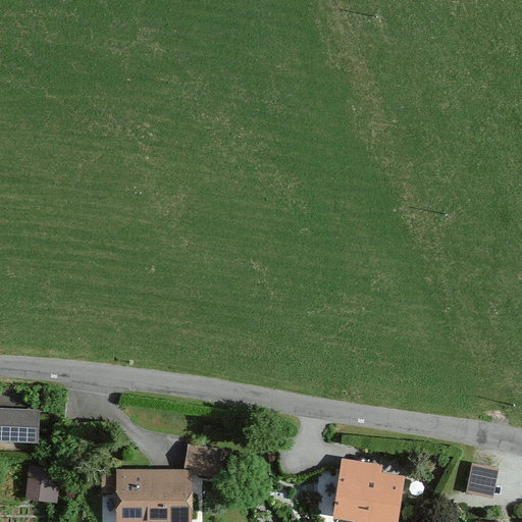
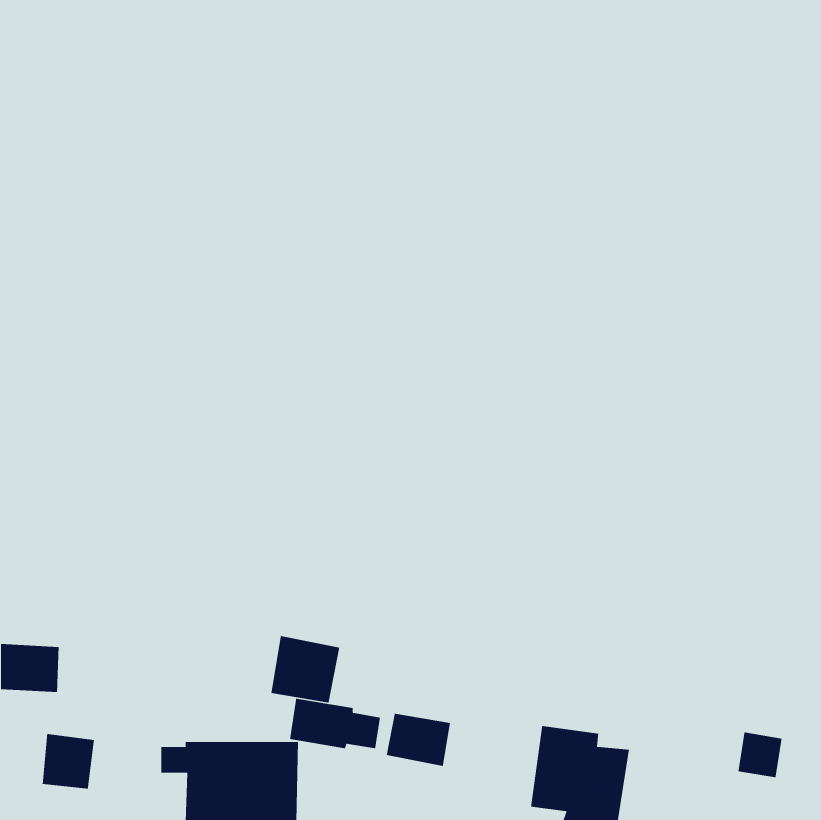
building: none -> [271,635,340,703]
building: none -> [386,713,451,767]

